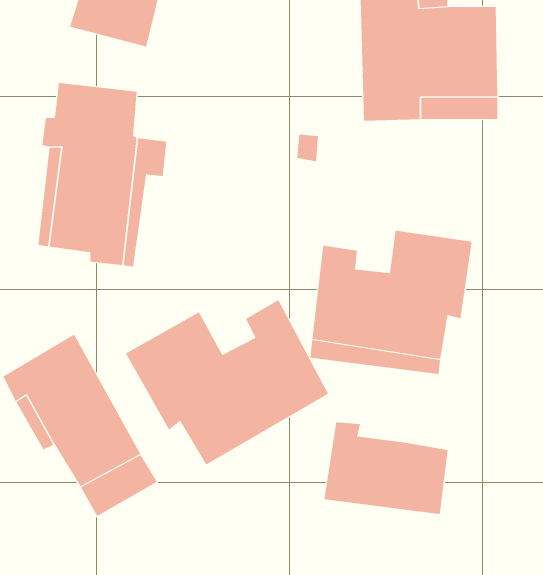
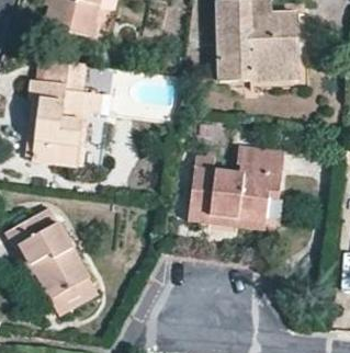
building: [125,299,329,466] -> none
building: [324,422,448,515] -> none

